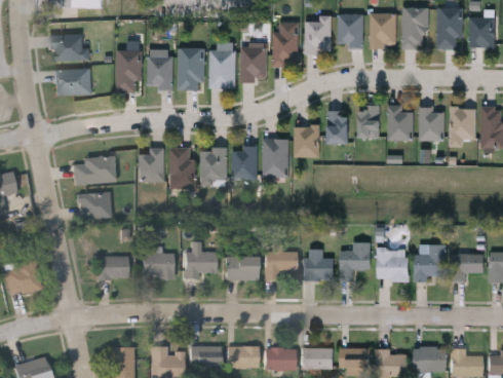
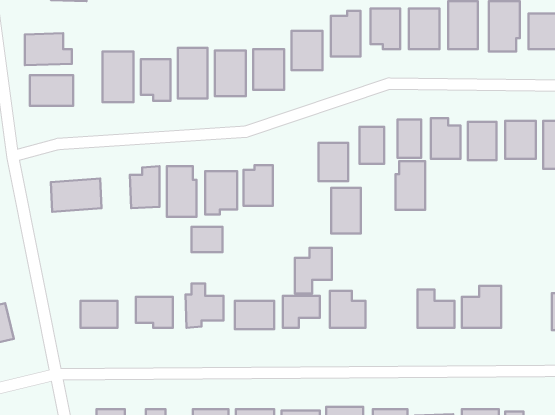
building: [262,137,286,175] -> [331,188,361,234]
building: none -> [395,161,425,210]
building: [76,190,109,219] -> none
building: none -> [192,227,222,252]
building: [340,242,371,280] -> [295,248,332,293]
building: [452,254,483,281] -> none

